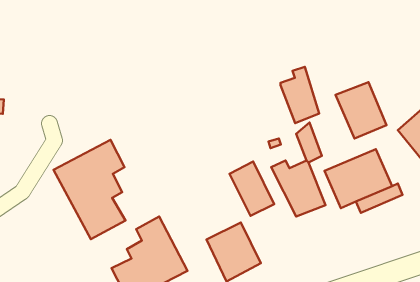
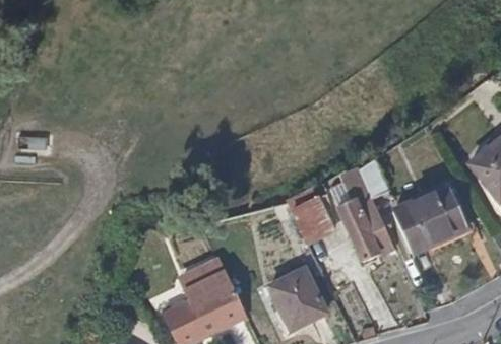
building: [280,67,319,123] -> none
building: [335,82,387,138] -> none
building: [54,140,125,239] -> none

